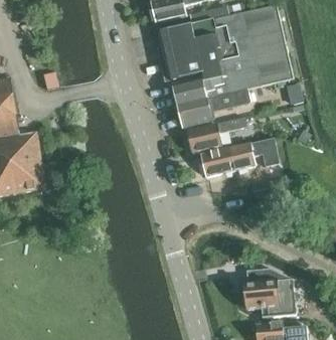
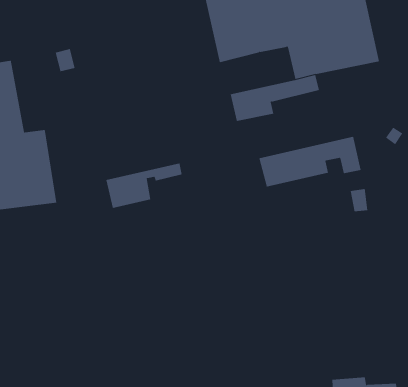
building: [173,69,228,106] -> none
building: [187,118,246,153] -> [106,163,183,209]
building: [243,269,295,317] -> none

